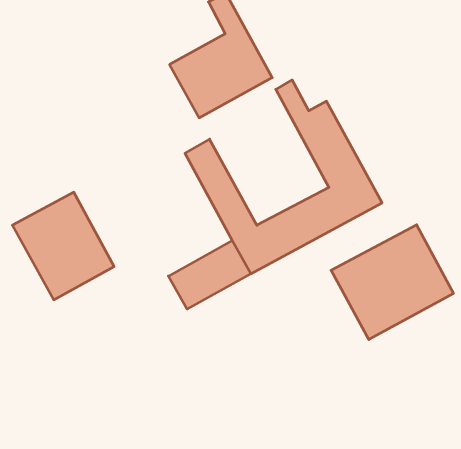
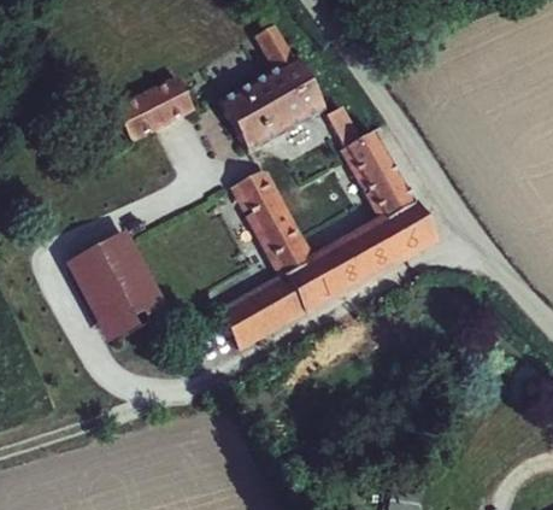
building: none -> [111,70,190,137]
building: [331,225,453,340] -> none

